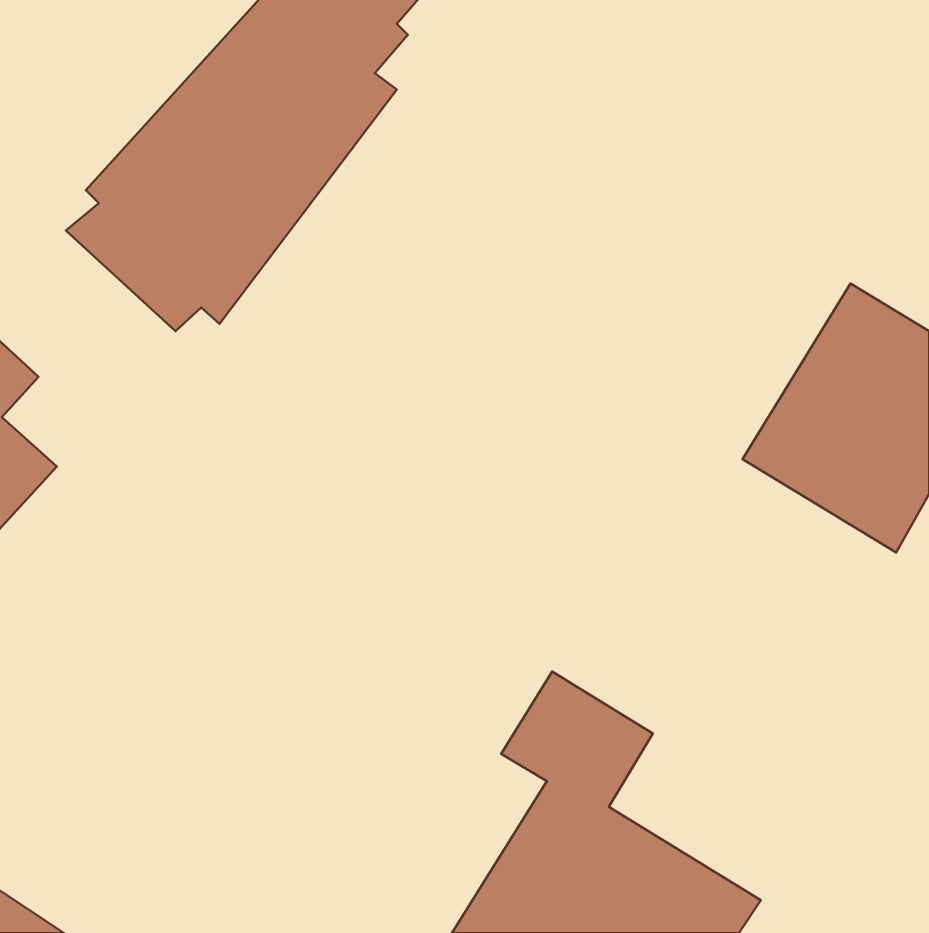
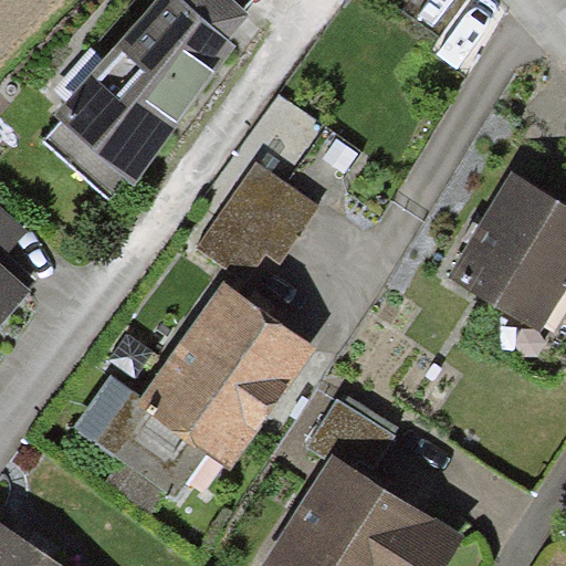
building: none -> [197,166,313,270]
building: none -> [86,283,313,482]

